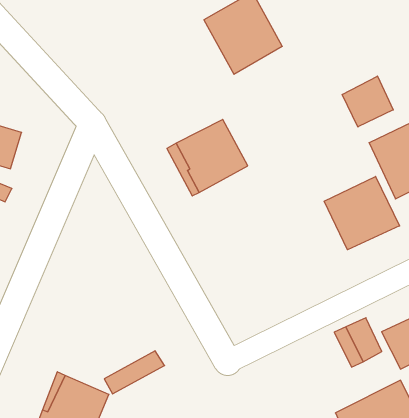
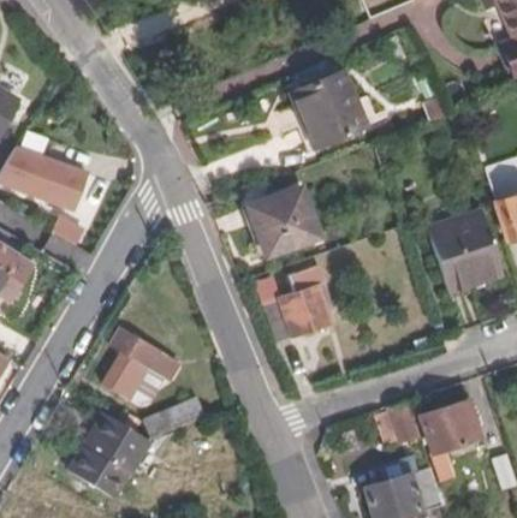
building: [342,76,393,127] -> none
building: [324,176,400,250] -> none
building: none -> [265,275,331,339]
building: none -> [103,327,178,400]

